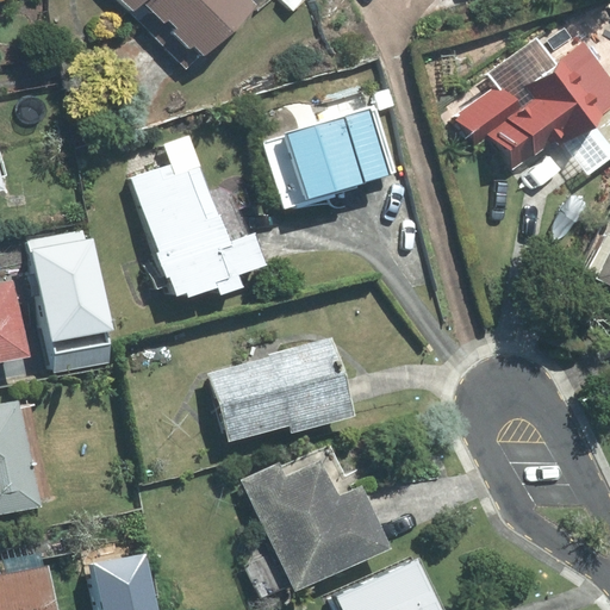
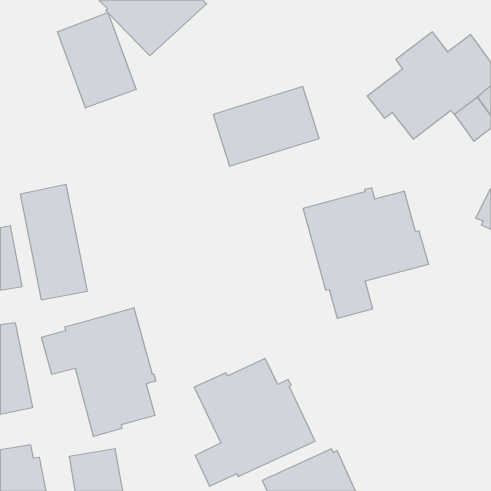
building: none -> [57,13,136,108]
building: [135,136,264,298] -> none
building: none -> [303,188,429,319]
building: [211,340,353,442] -> none
building: none -> [42,308,156,437]

